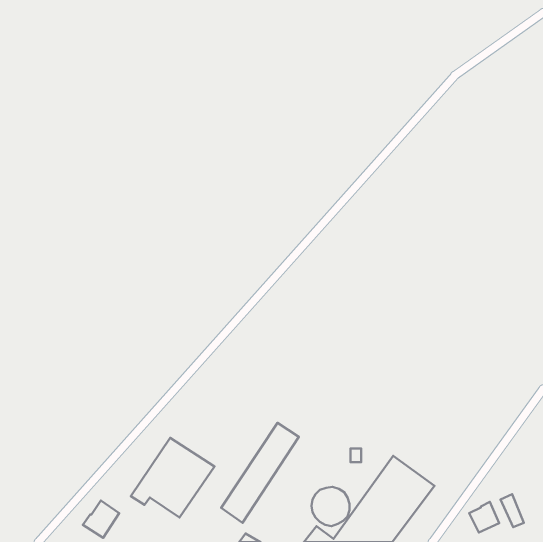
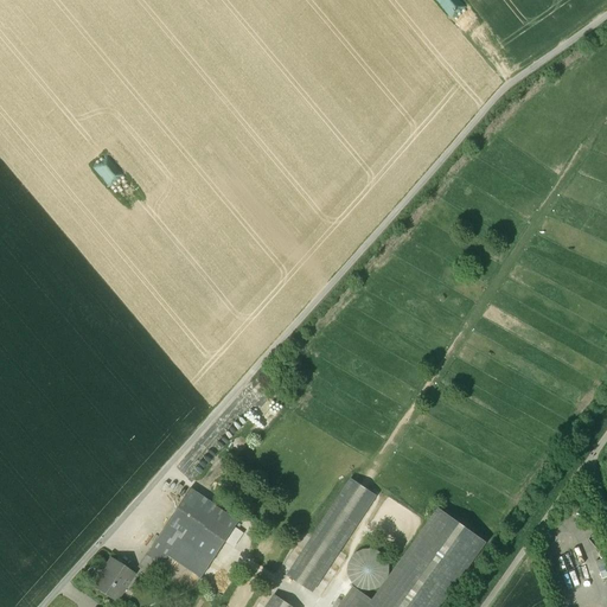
building: [221,423,299,523] -> [288,479,375,590]
building: [469,502,499,533] -> none

